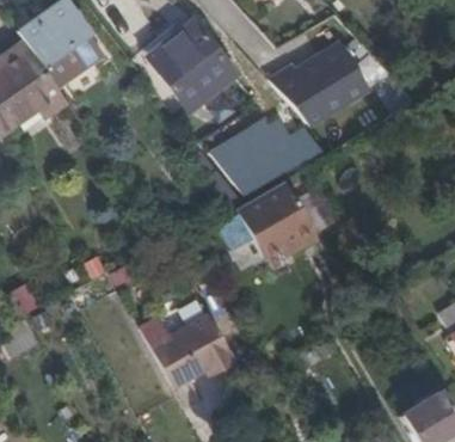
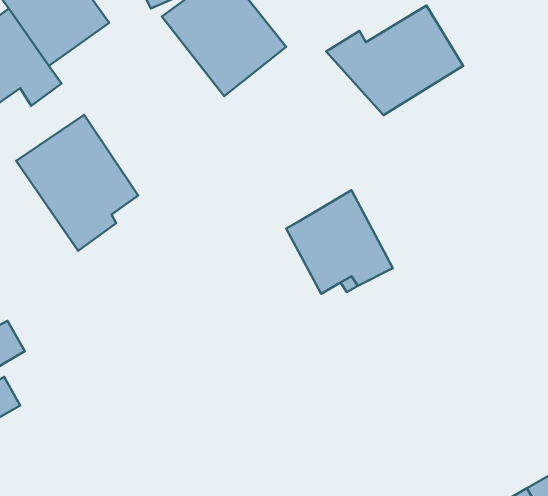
building: [213,119,324,198] -> none
building: none -> [16,115,138,251]
building: [129,290,233,387] -> none

